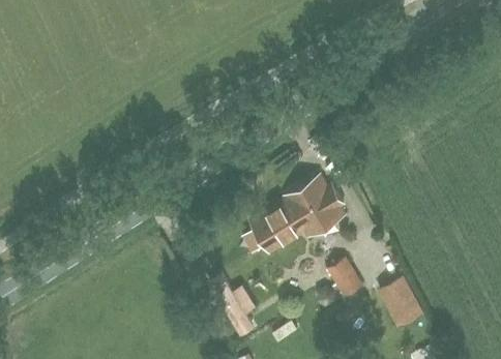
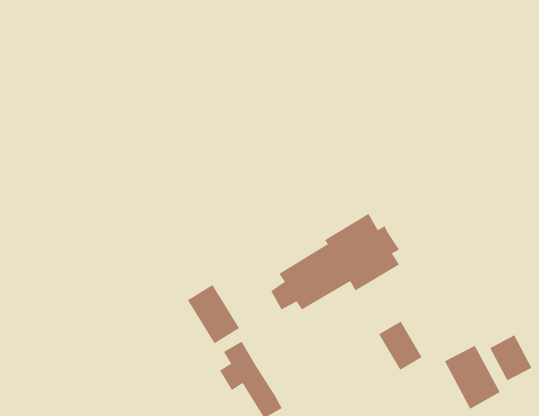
building: none -> [187,284,240,344]
building: none -> [490,335,532,381]

